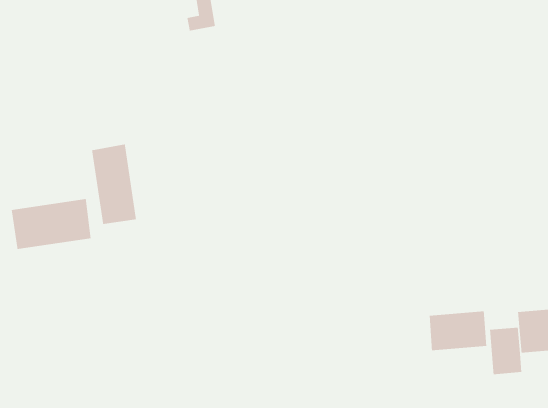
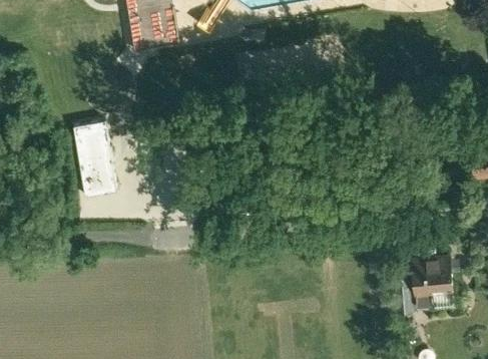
building: [11,198,92,250] -> none
building: [429,311,487,351] -> none

